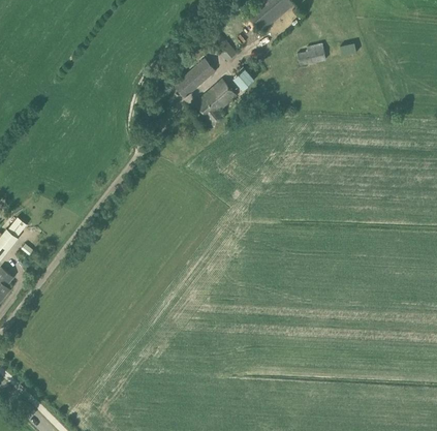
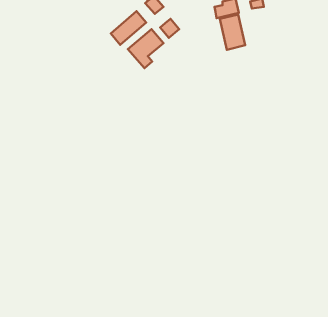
building: none -> [220,14,245,50]

